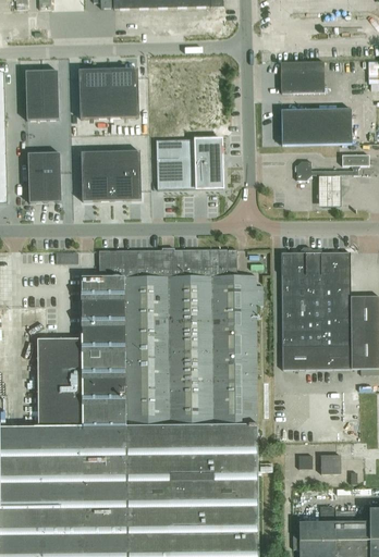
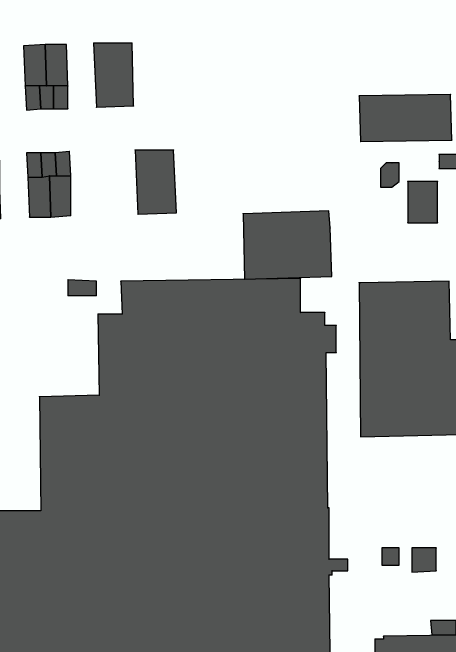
building: [281,61,325,92] -> none
building: [108,69,138,117] -> none
building: [156,138,223,190] -> [243,211,332,279]
building: [81,151,112,201] -> none

